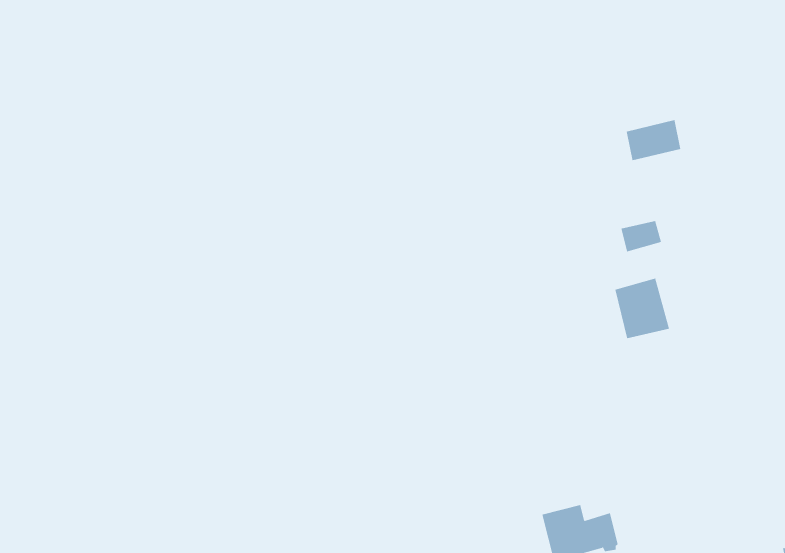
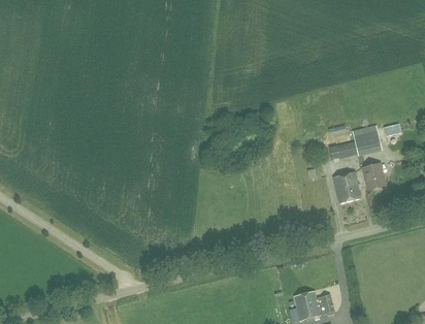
building: [626,120,681,161] -> [355,131,384,153]
building: none -> [362,163,384,189]

